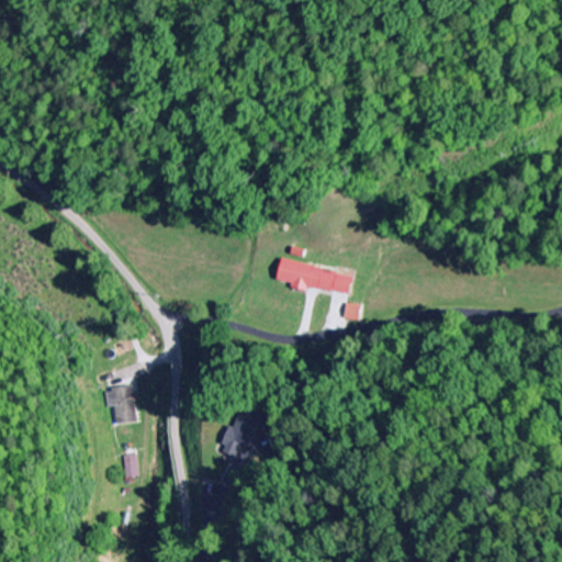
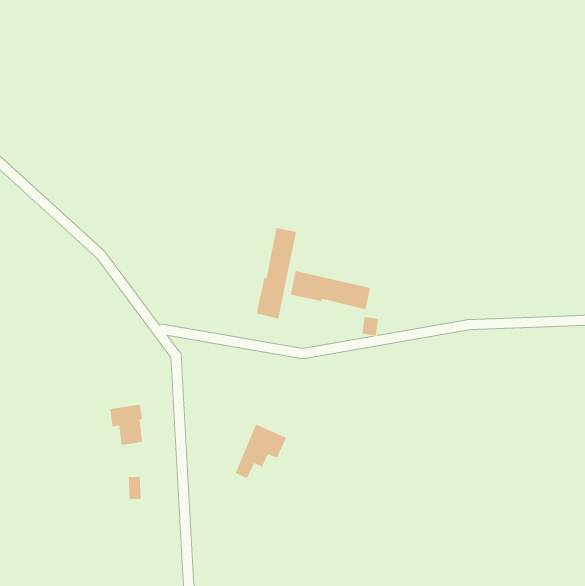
building: none -> [256,227,297,319]

